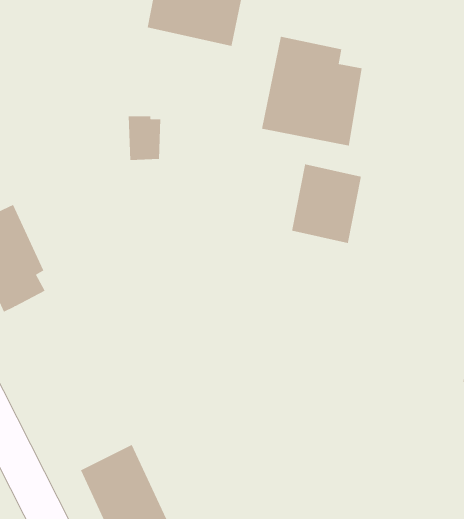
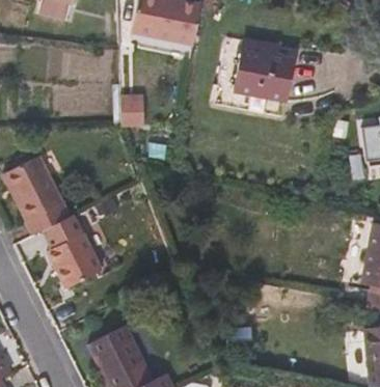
building: [291,163,361,244] -> none
building: none -> [40,216,99,289]

